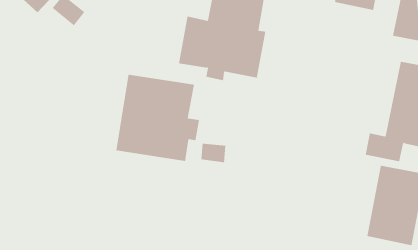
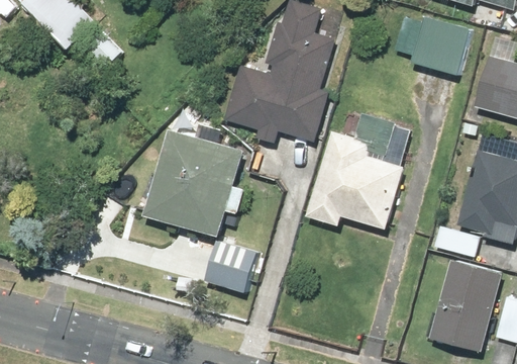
building: none -> [306,117,411,230]
building: none -> [205,241,257,294]

